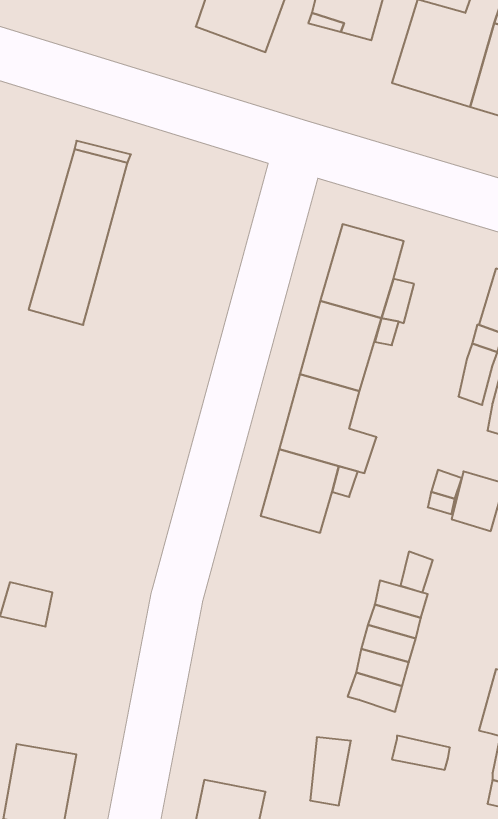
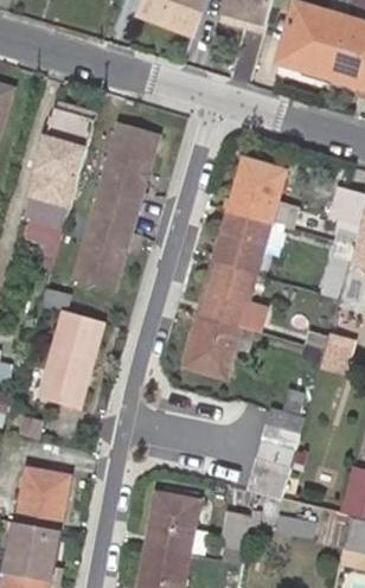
building: none -> [72,123,156,290]
building: none -> [39,308,105,405]
building: none -> [17,467,68,528]
building: none -> [147,492,200,554]

